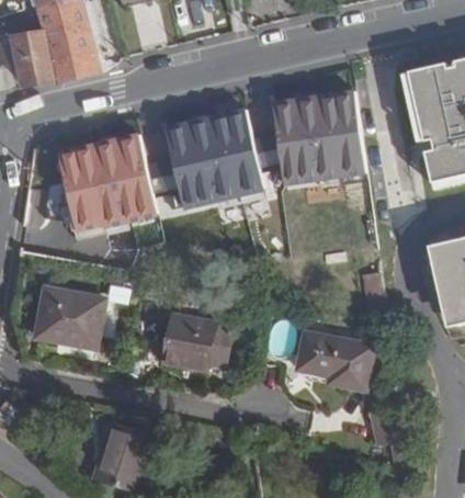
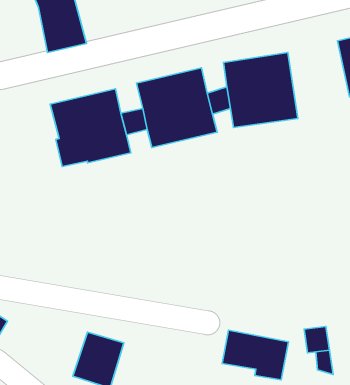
building: [12,34,59,91] -> none
building: [33,288,102,349] -> none
building: [161,317,228,370] -> none
building: [290,331,370,392] -> [222,330,288,380]

